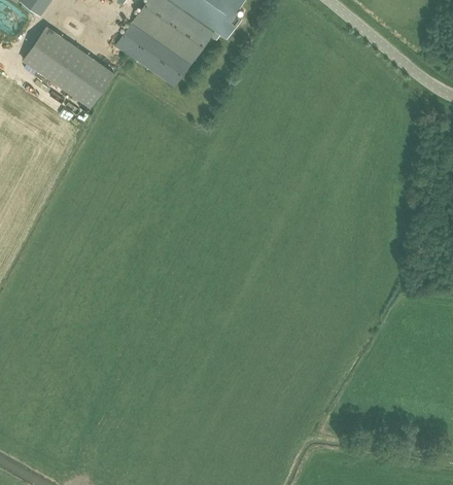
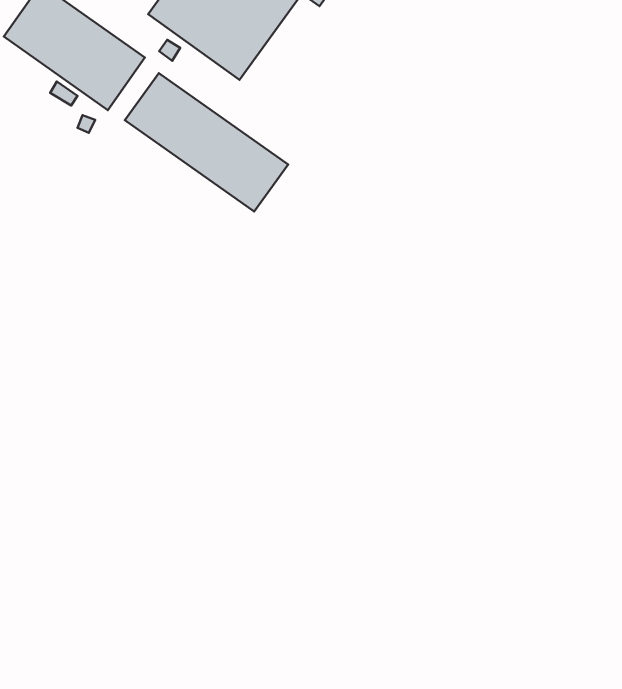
building: none -> [125,73,288,212]

